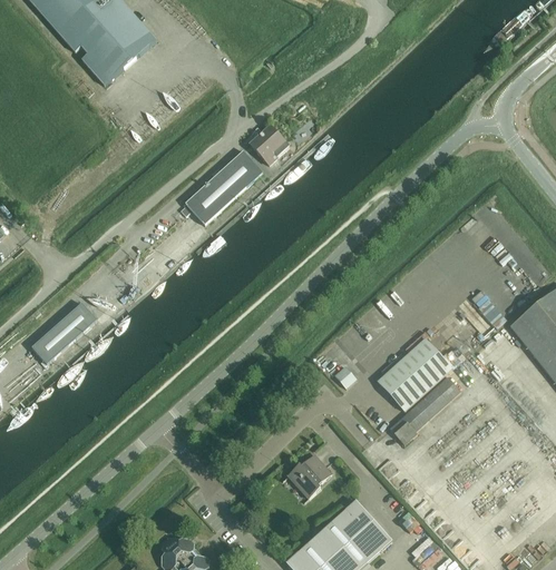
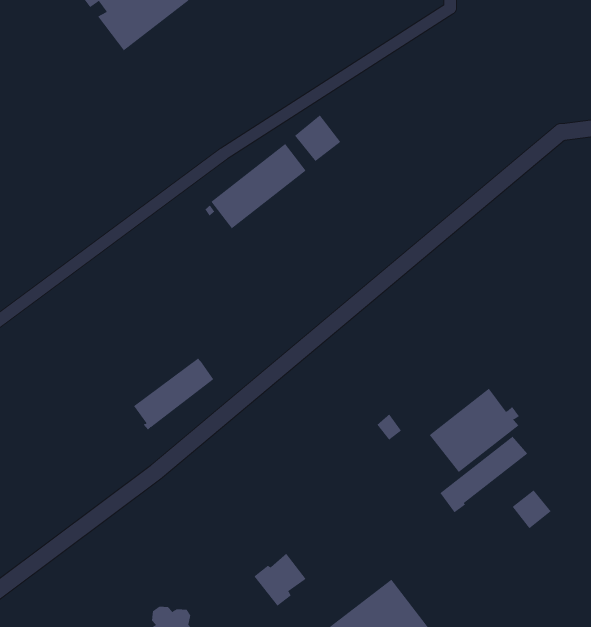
building: [31,303,96,365] -> [133,358,214,430]
building: none -> [512,490,551,529]
building: [287,453,331,498] -> [253,553,306,607]

